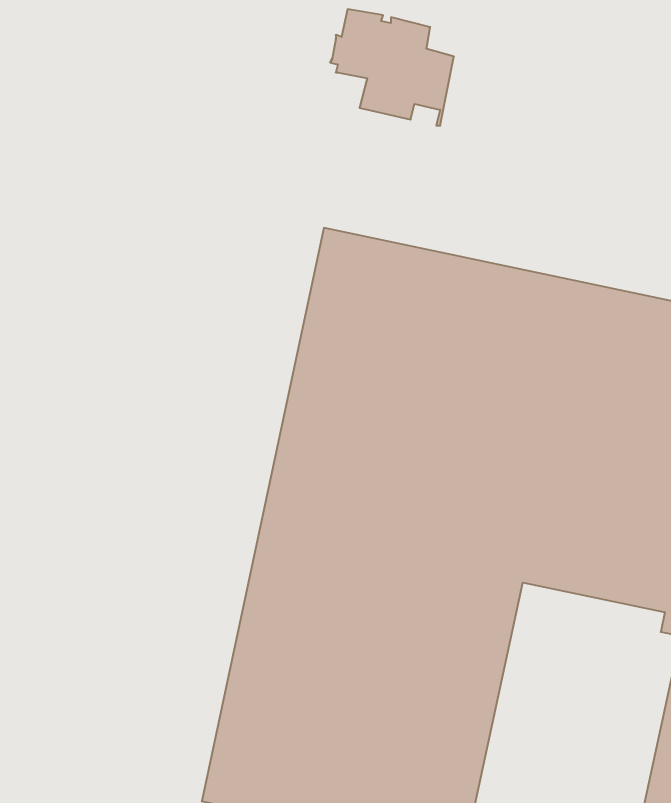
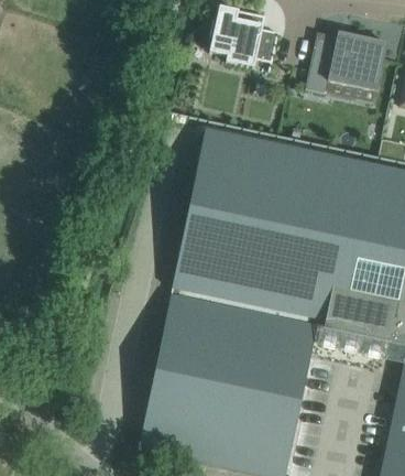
building: none -> [306,32,388,93]

